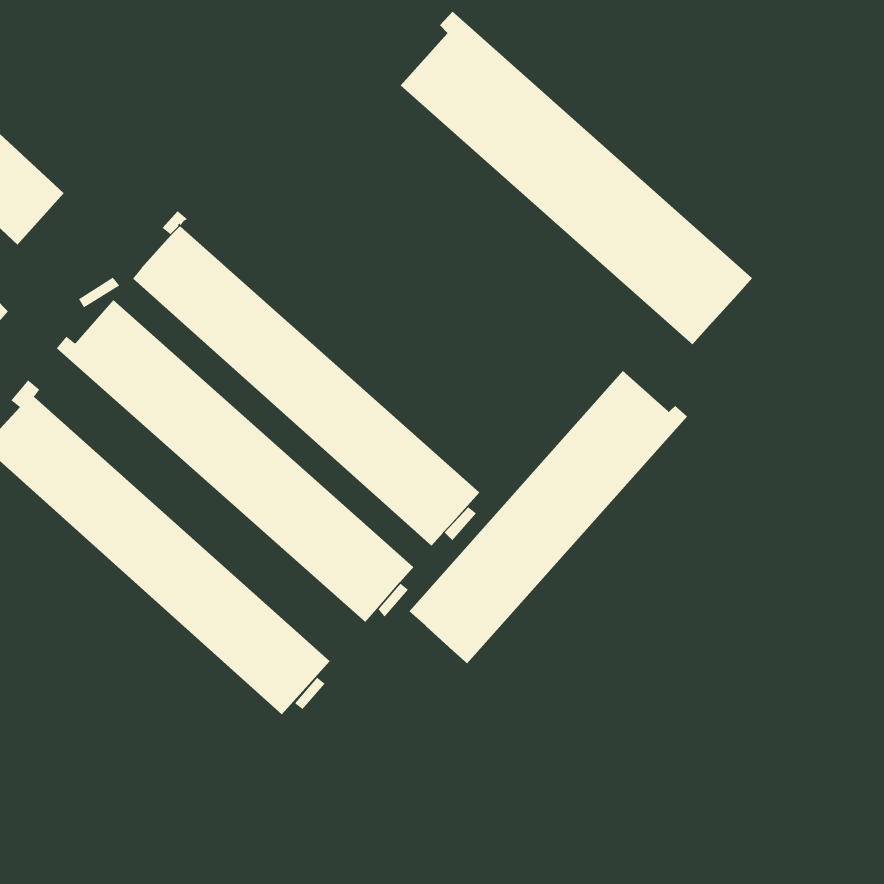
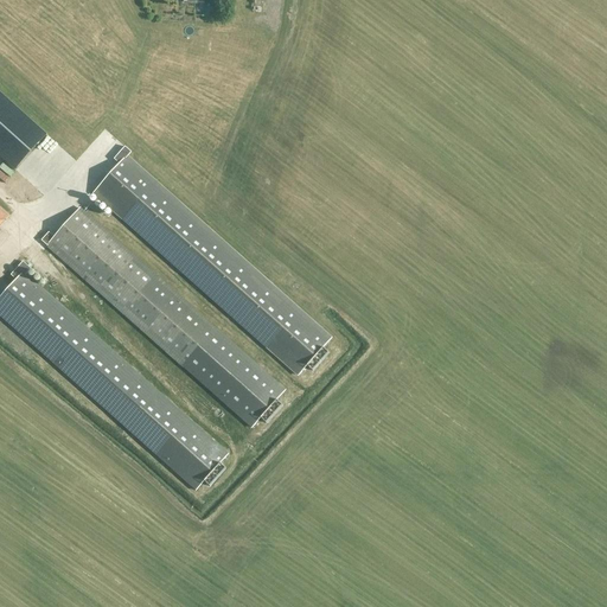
building: [400,11,753,345] -> none
building: [409,370,688,664] -> none

